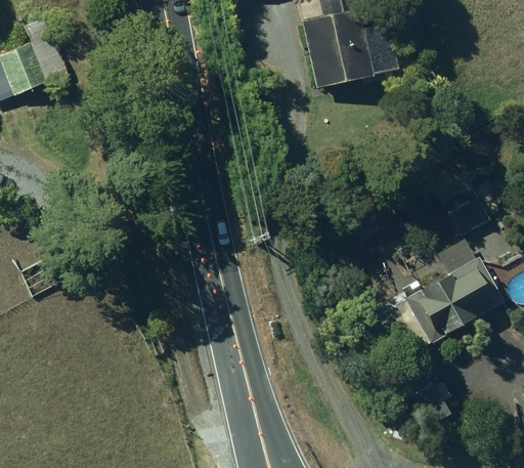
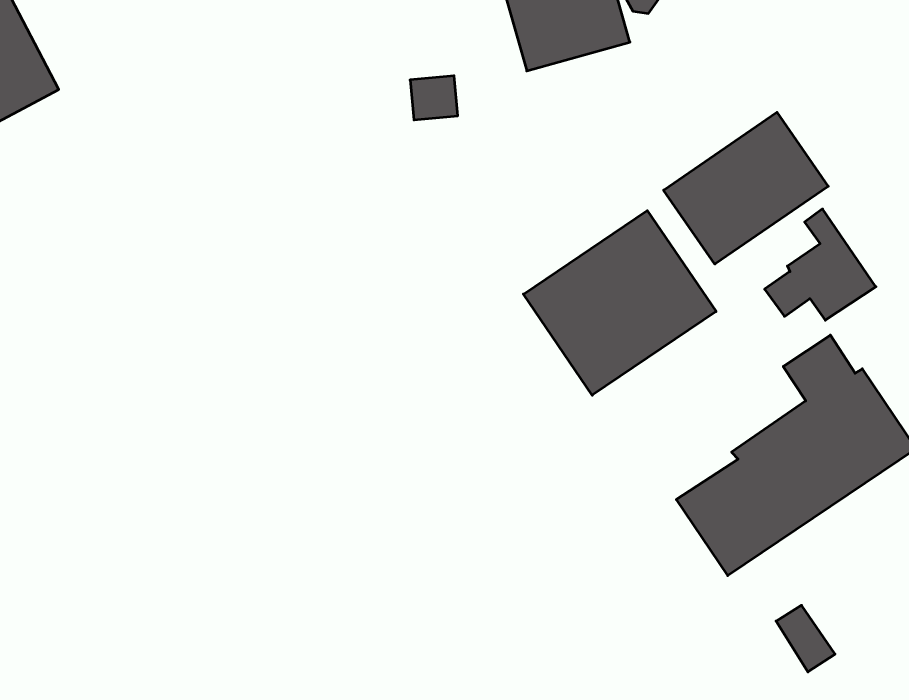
building: none -> [664,112,828,264]
building: none -> [523,211,716,395]

